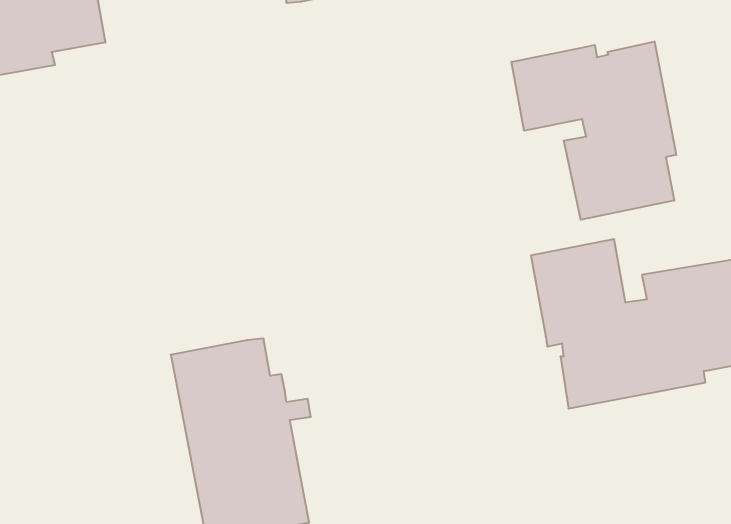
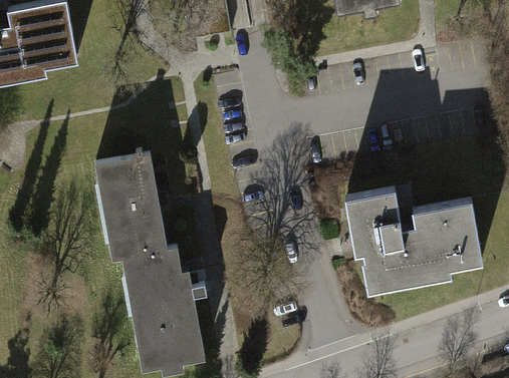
building: [512,41,676,220] -> none
building: none -> [93,151,168,258]

